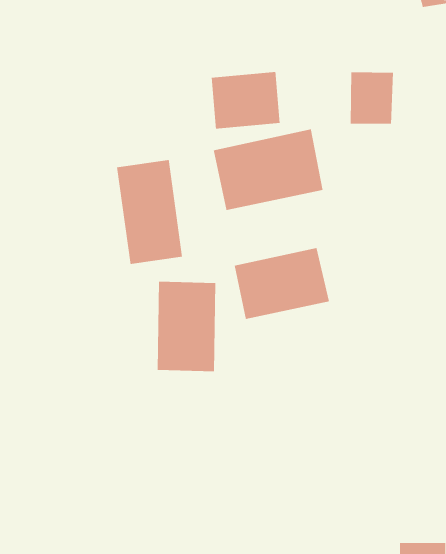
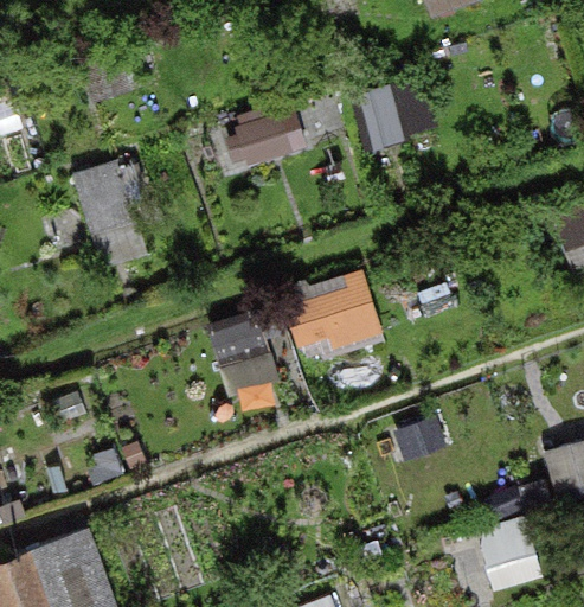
building: [213,129,323,211] -> none
building: [116,159,183,265] -> [73,160,150,267]

